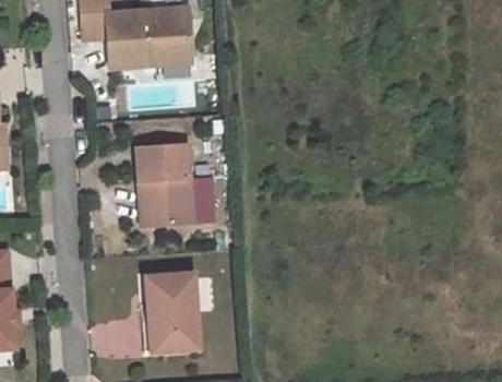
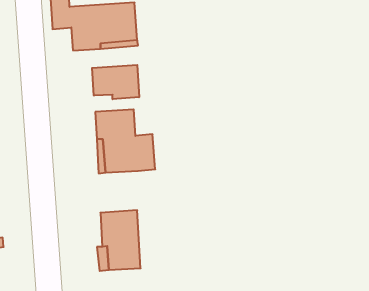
building: none -> [92,65,139,99]

